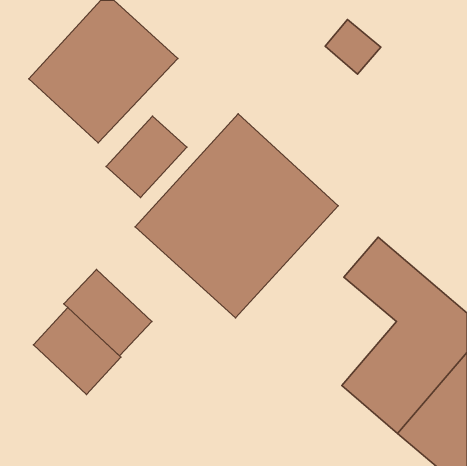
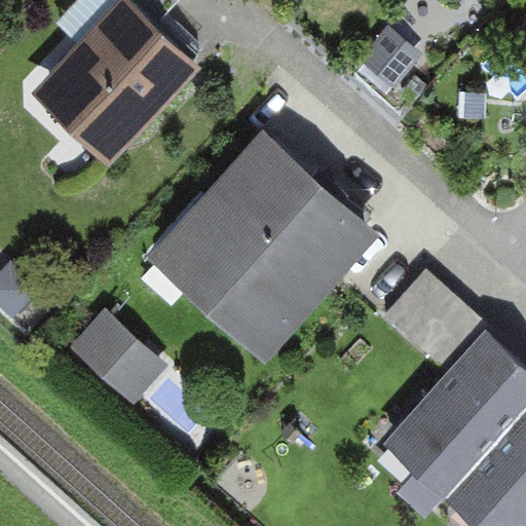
building: [106,116,187,198] -> none
building: [33,307,121,394] -> none

